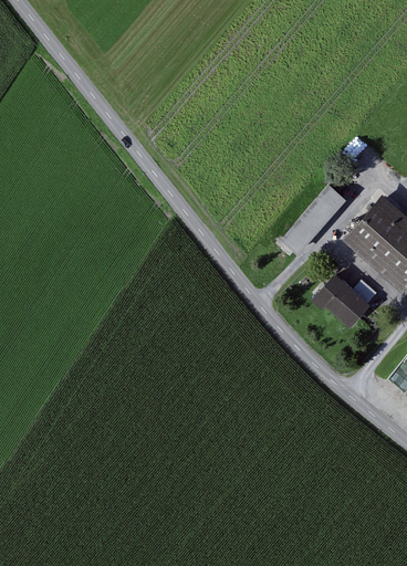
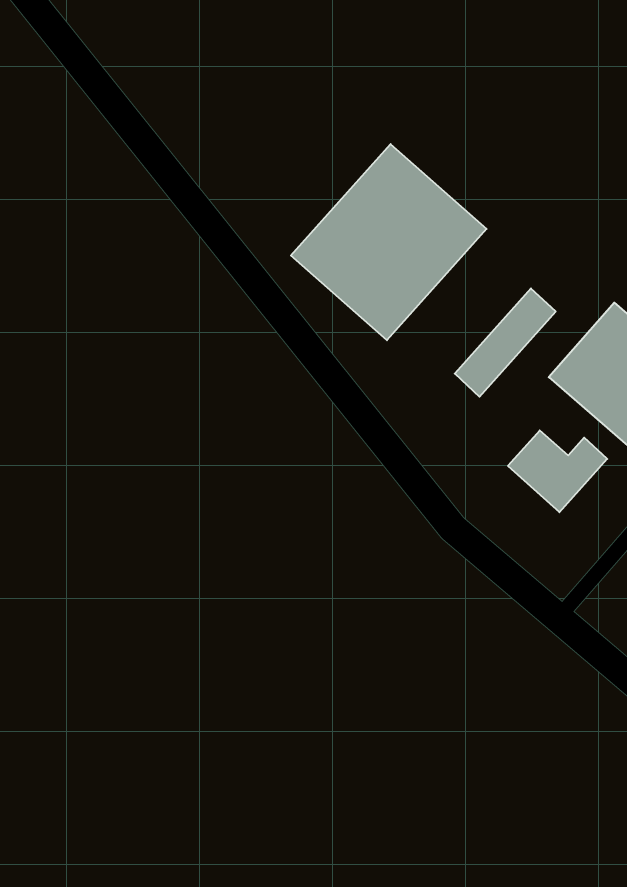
building: none -> [291,144,487,340]

